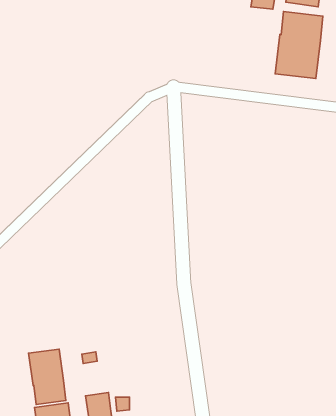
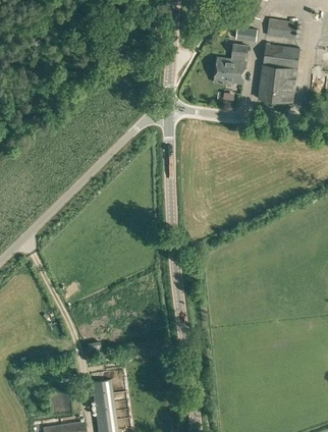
building: none -> [214,44,249,85]
building: [29,349,66,405] -> none

